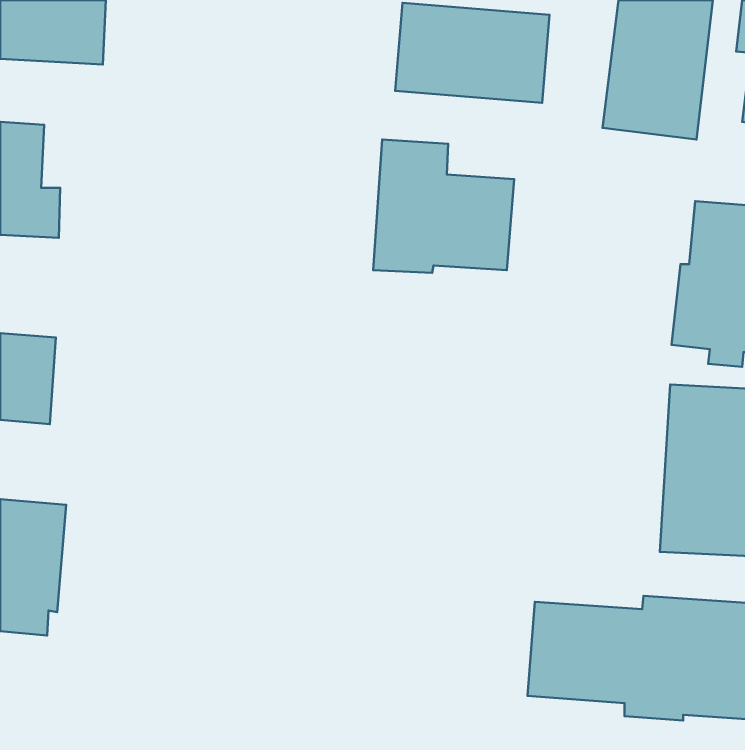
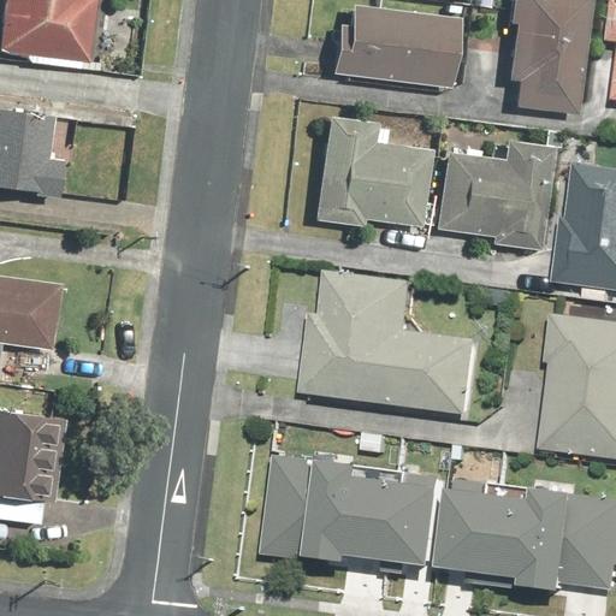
building: none -> [431,138,544,253]
building: none -> [301,268,484,417]
building: none -> [261,456,440,569]

